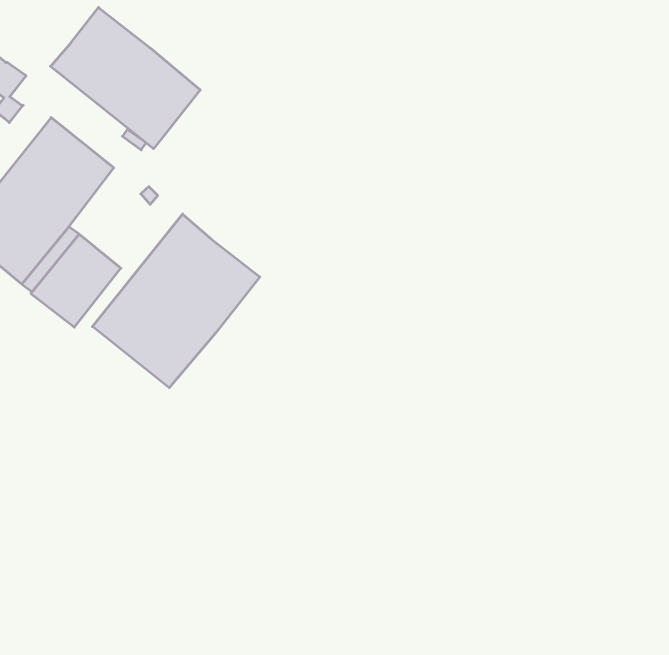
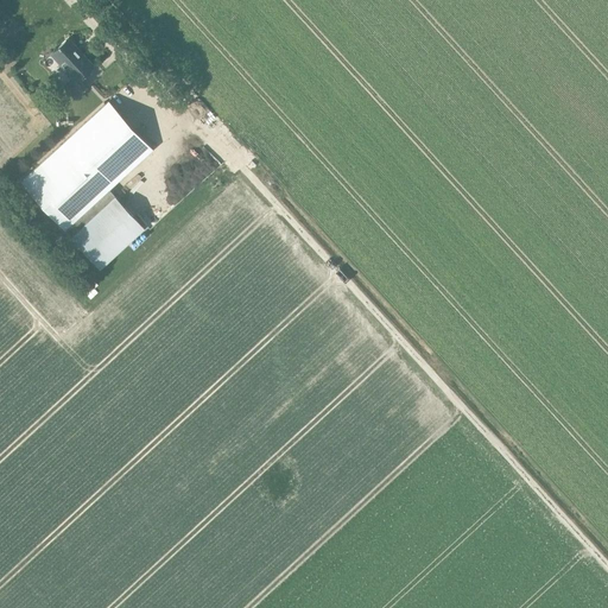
building: [50,7,200,149] -> none
building: [92,214,260,388] -> none

